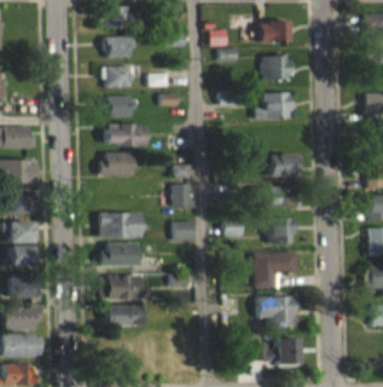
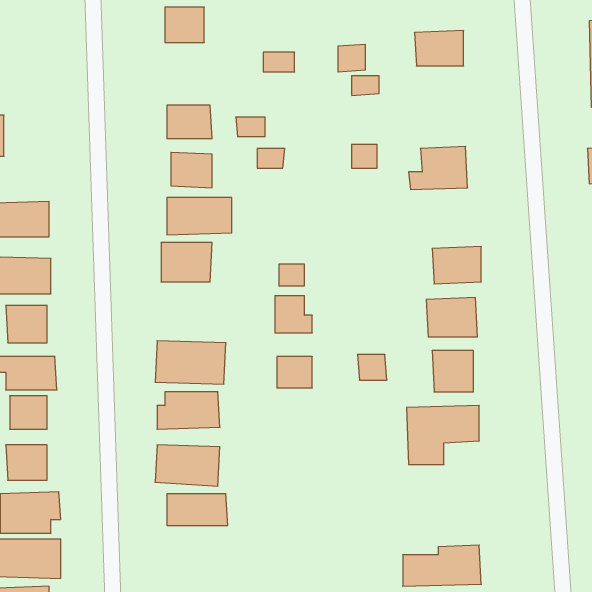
building: [106,36,133,58] -> none
building: [263,56,292,81] -> none
building: [259,296,296,328] -> none

